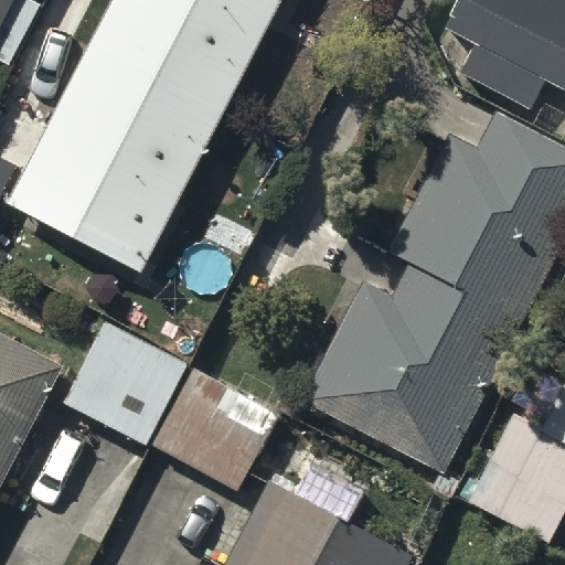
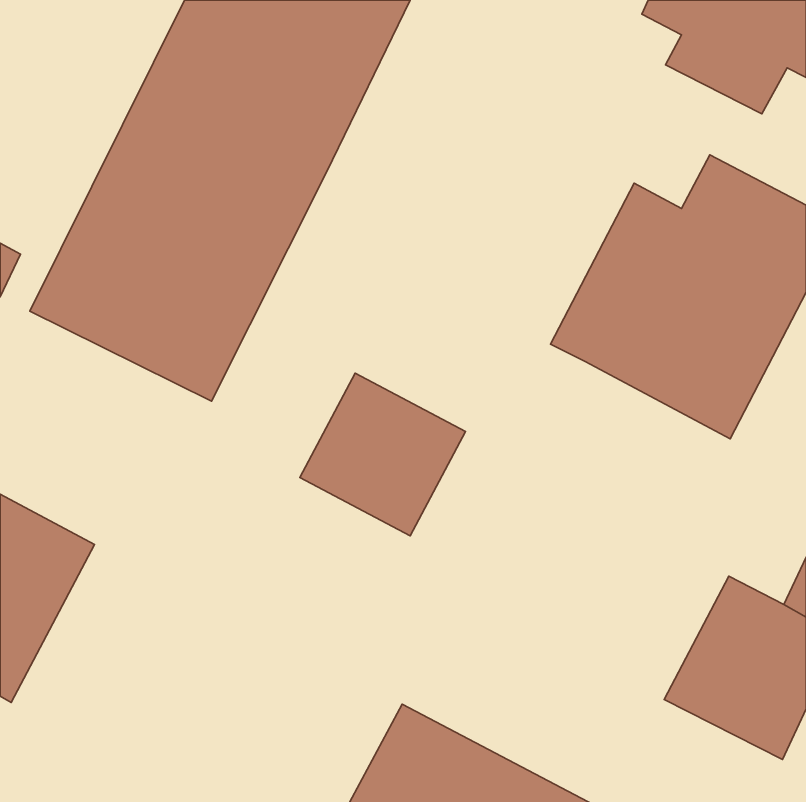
building: [300,256,511,456] -> none
building: [70,319,186,434] -> none
building: [157,365,273,479] -> [300,373,466,536]

